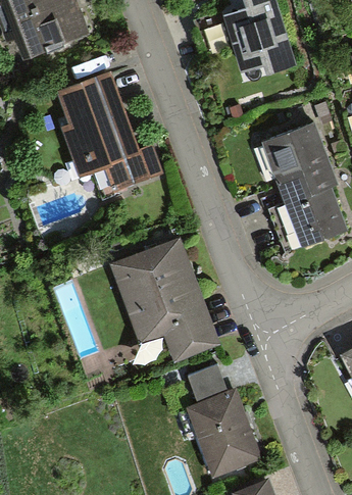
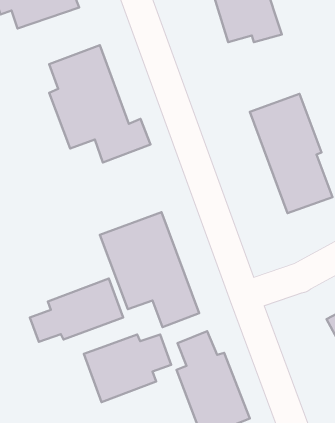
building: none -> [30,278,123,342]
building: none -> [84,334,171,402]

